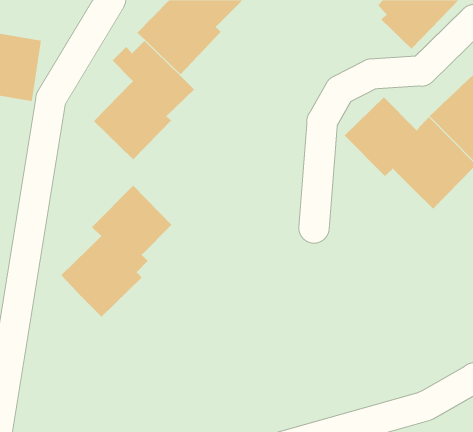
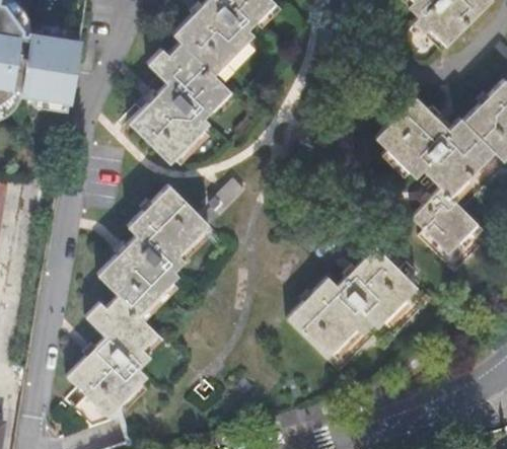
building: none -> [414,186,493,272]
building: none -> [286,245,432,371]
building: none -> [66,295,156,417]

